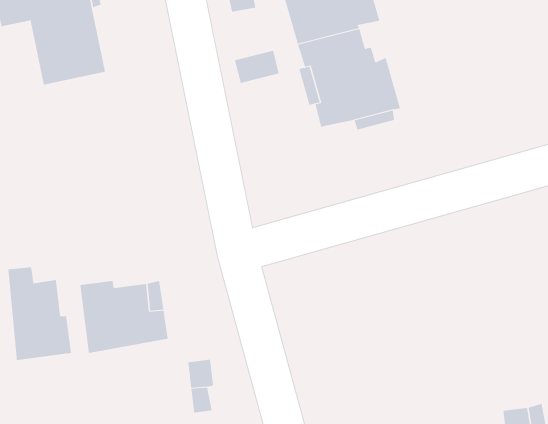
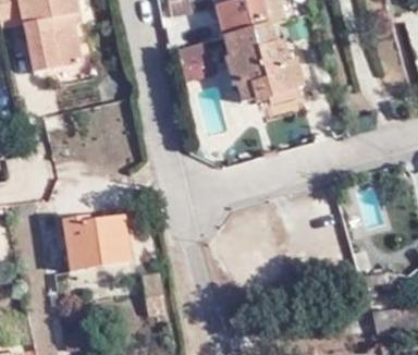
building: [8,266,72,361] -> none

